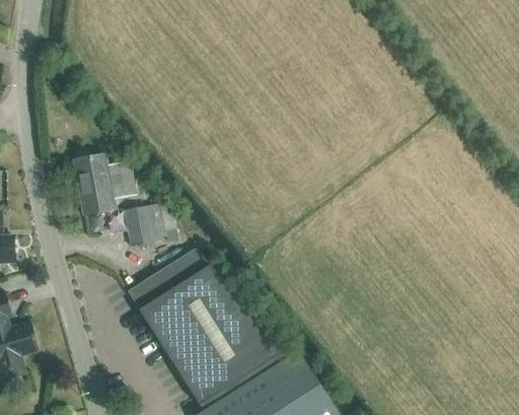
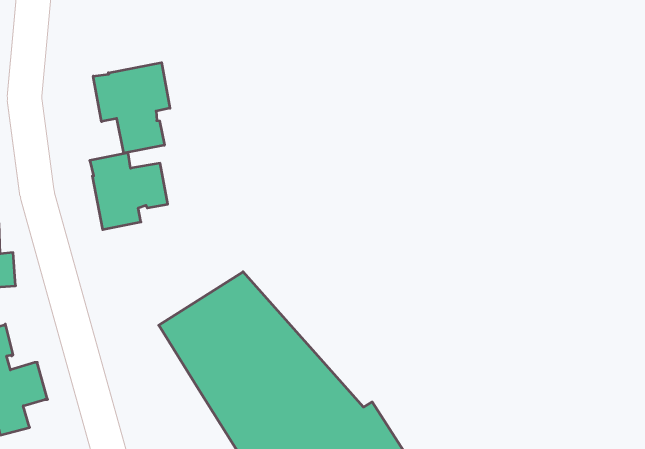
building: none -> [93,63,170,153]
building: [124,205,176,248] -> none

